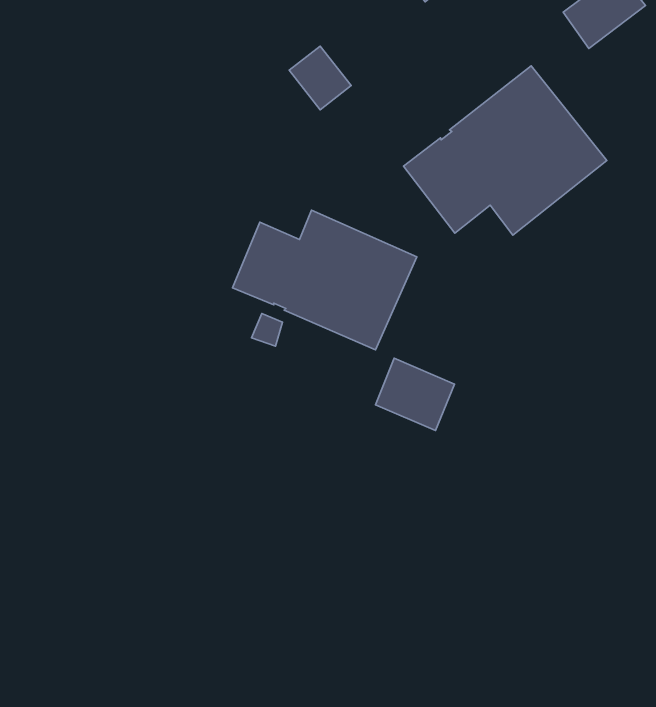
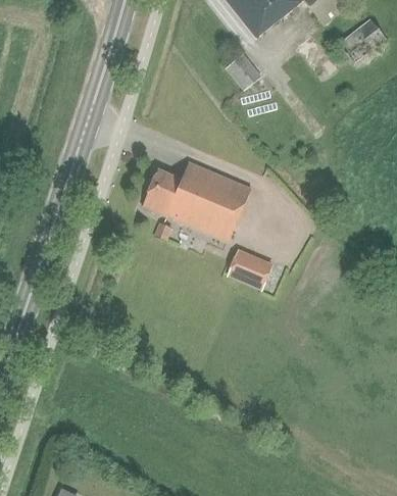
building: [289,46,351,110] -> [226,53,262,91]
building: [403,66,607,235] -> none

